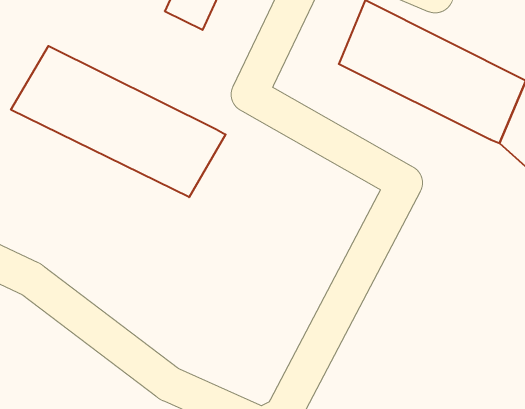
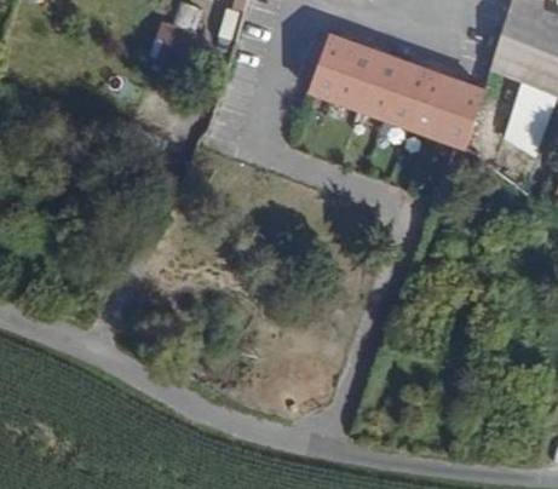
building: [11,46,226,197] -> none

